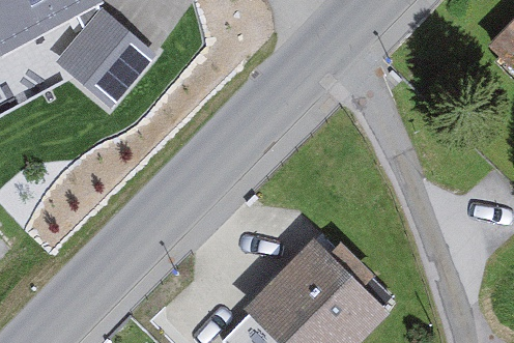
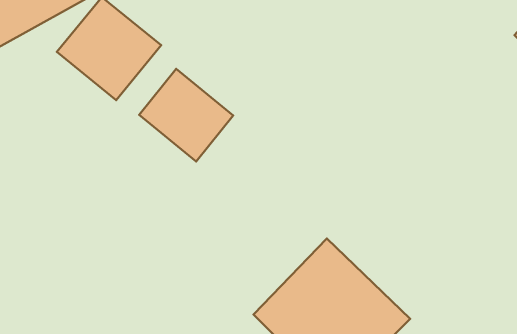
building: none -> [139,69,233,162]

